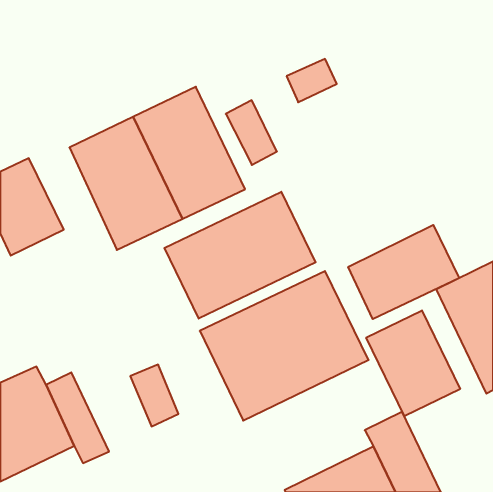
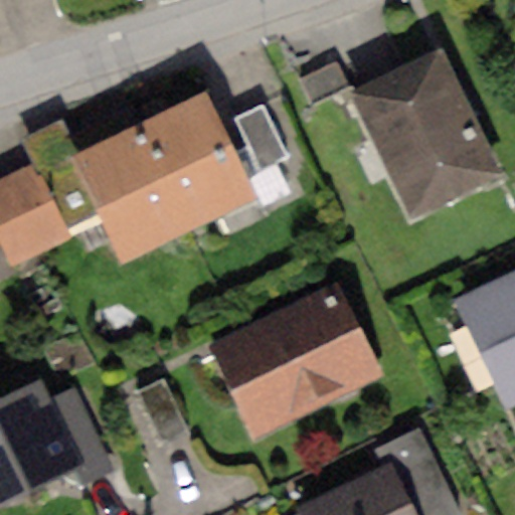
building: none -> [351,52,501,218]
building: [164,192,316,319] -> none
building: [348,225,459,319] -> none
building: [366,310,460,416] -> none

